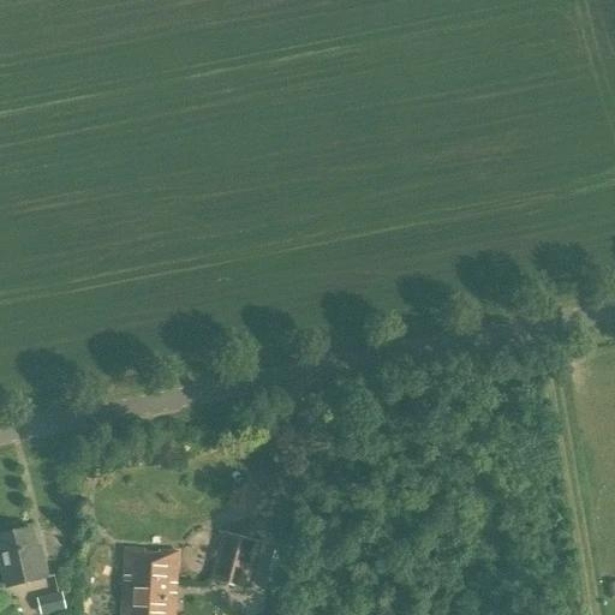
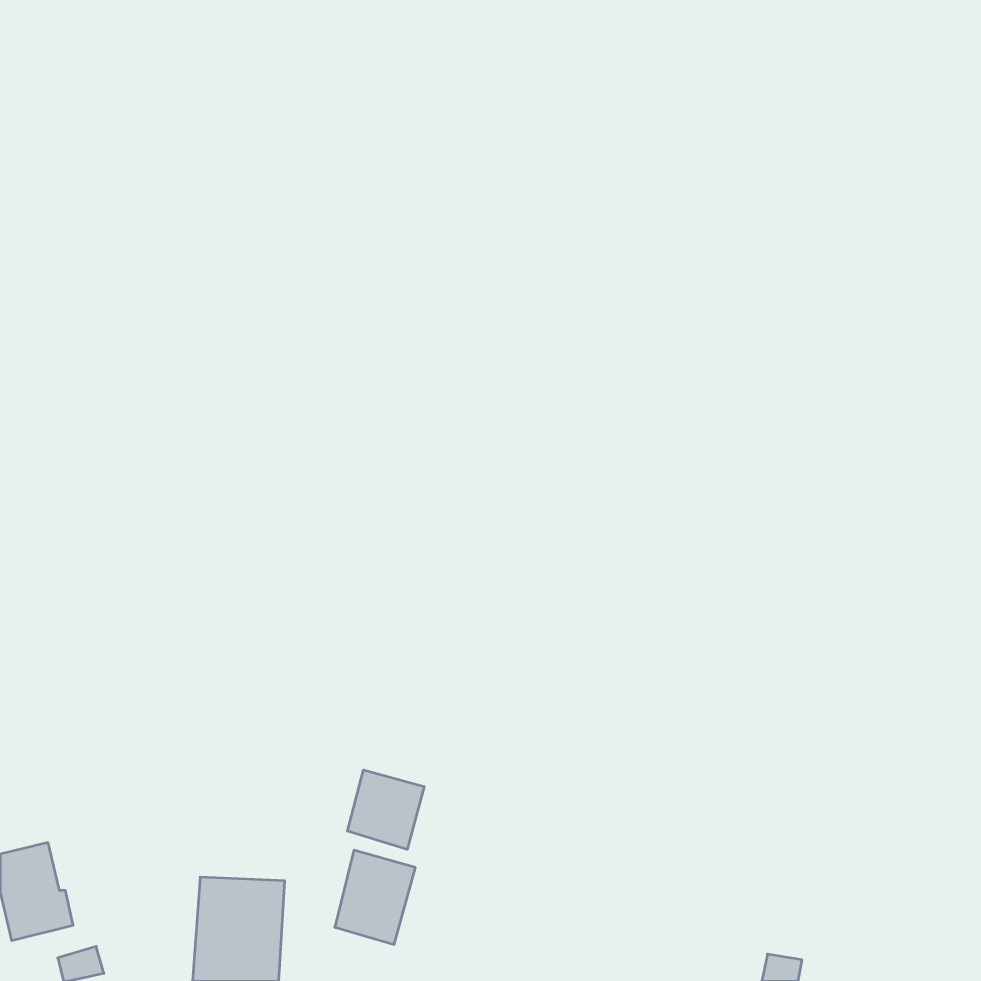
building: none -> [347,770,424,849]

